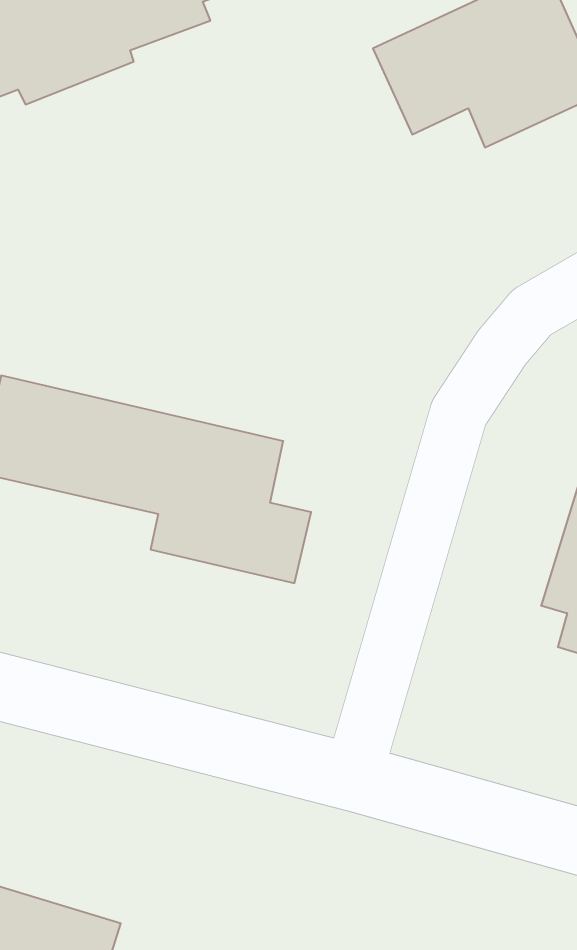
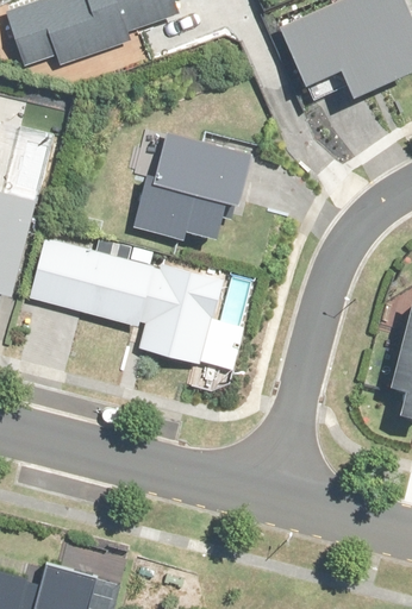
building: none -> [133,133,251,243]

